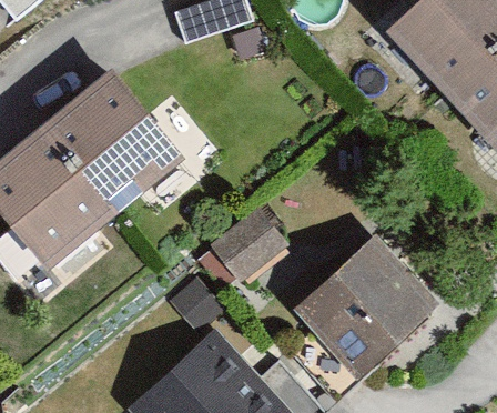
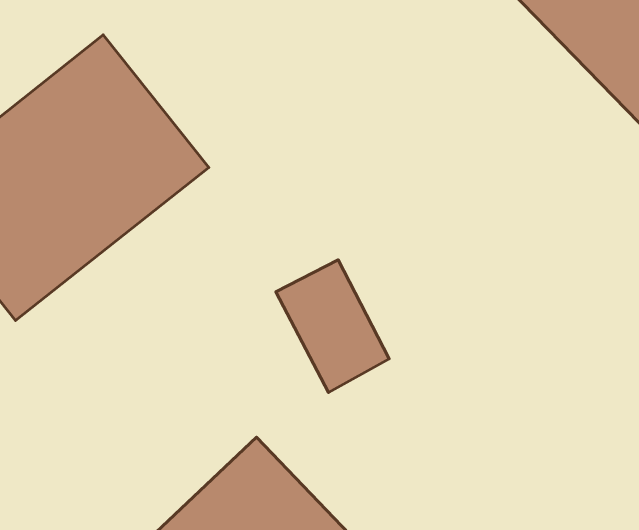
building: [287,234,436,381] -> none

